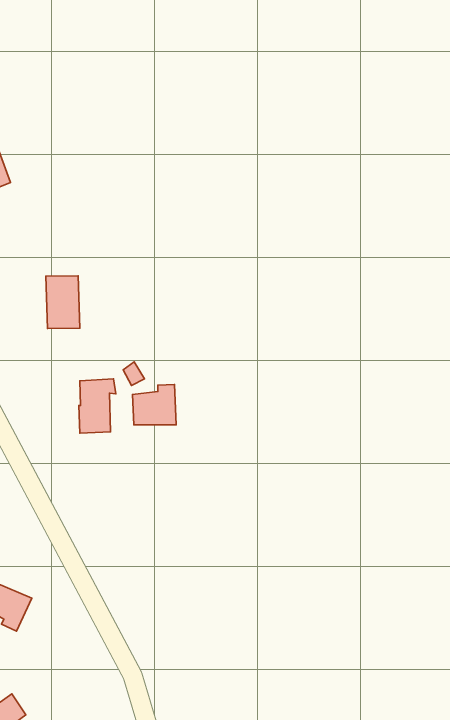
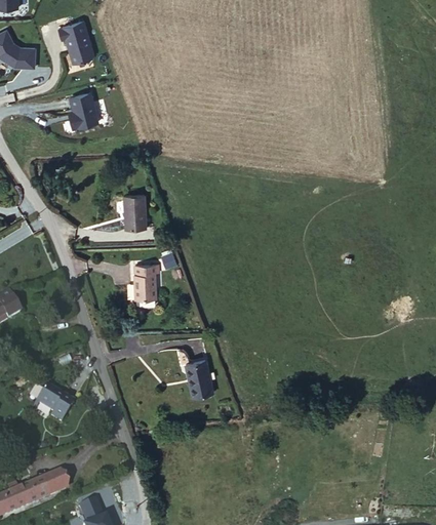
building: [133,384,176,425] -> none
building: none -> [186,368,206,403]

